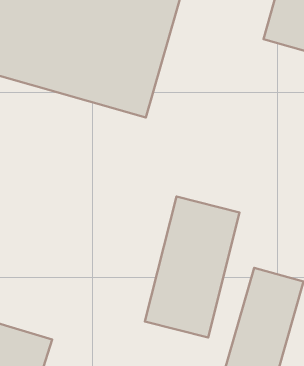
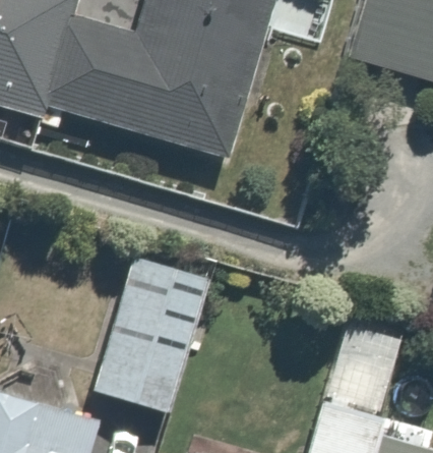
building: [145,196,240,338] -> [97,245,209,414]

